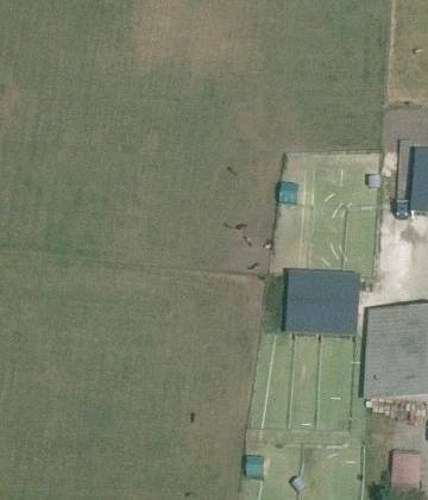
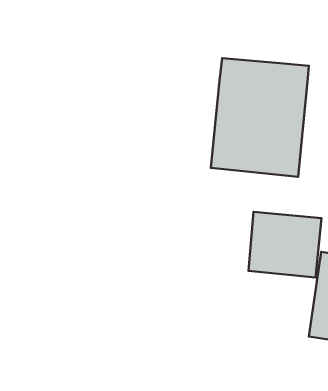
building: none -> [211,58,309,177]

